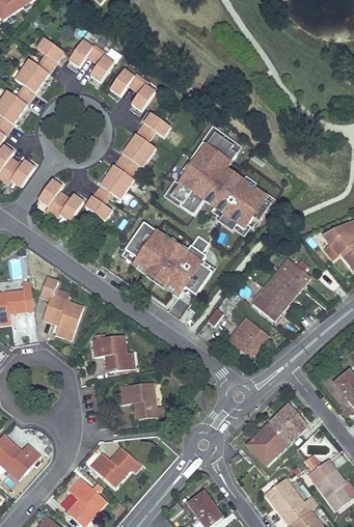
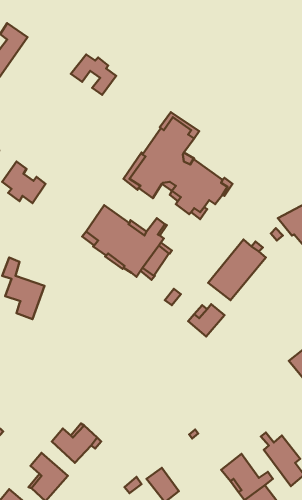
building: [70,39,116,82] -> none
building: [85,111,171,221] -> none
building: [91,334,129,371] -> none
building: [118,383,158,419] -> none
building: [247,405,306,465] -> none

